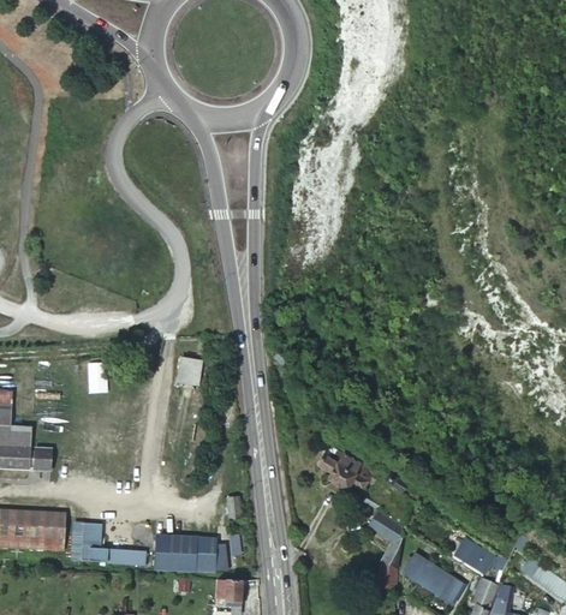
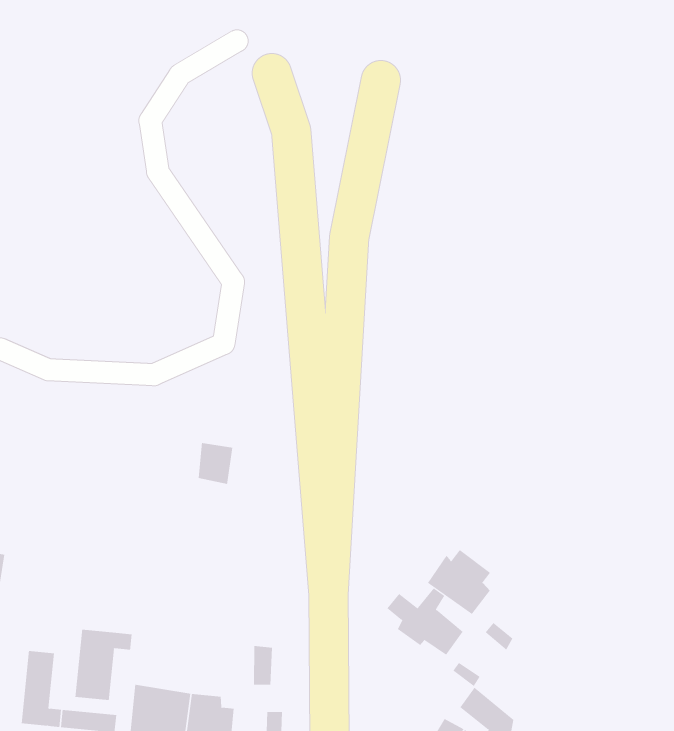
building: none -> [427,549,491,615]
building: none -> [75,629,132,701]

